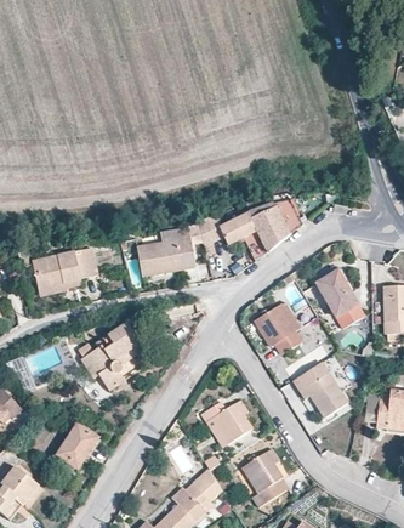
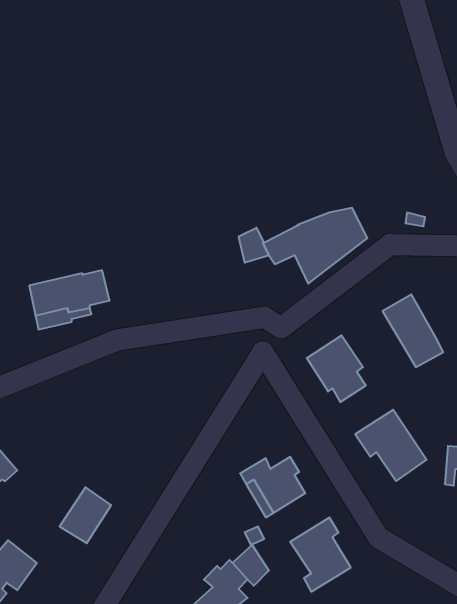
building: [137,227,197,276] -> none
building: [81,320,146,390] -> none

